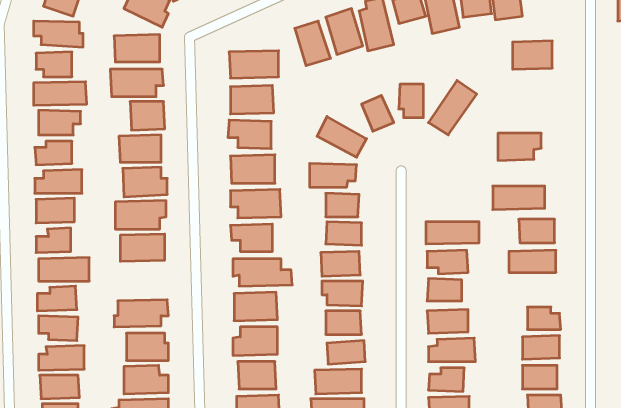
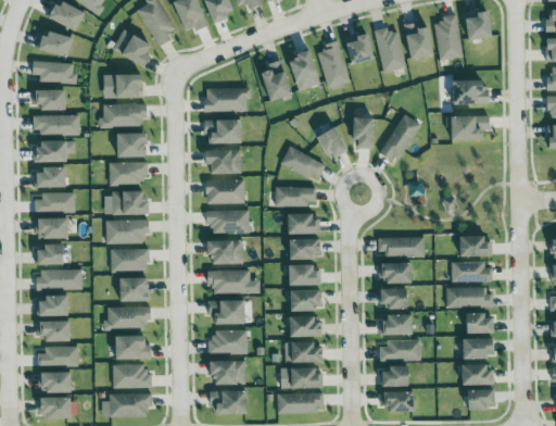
building: [498,133,541,160] -> [452,116,490,140]
building: [493,186,545,210] -> [445,288,491,309]
building: none -> [119,277,150,302]

